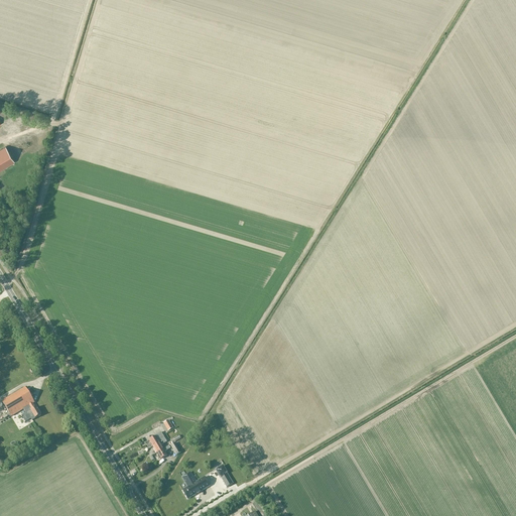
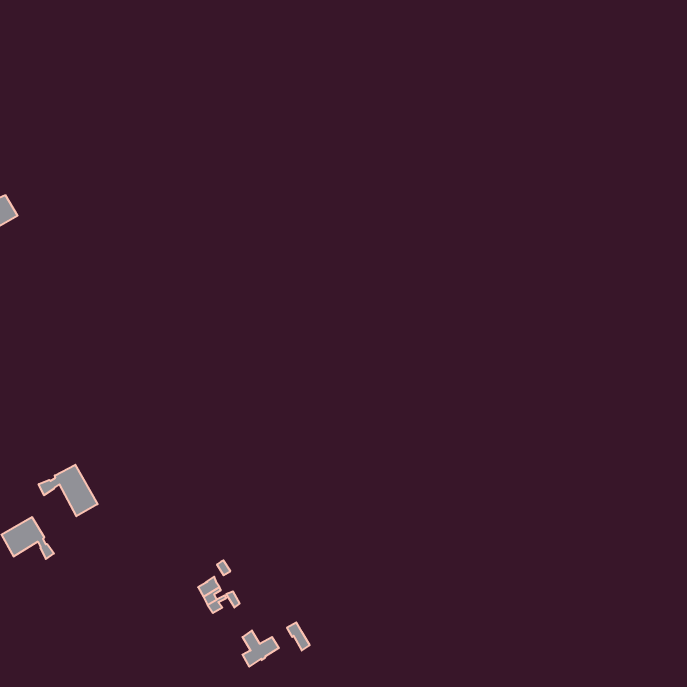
building: none -> [39,465,98,516]

